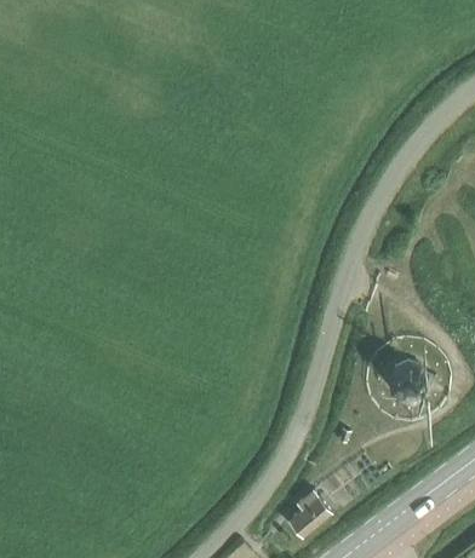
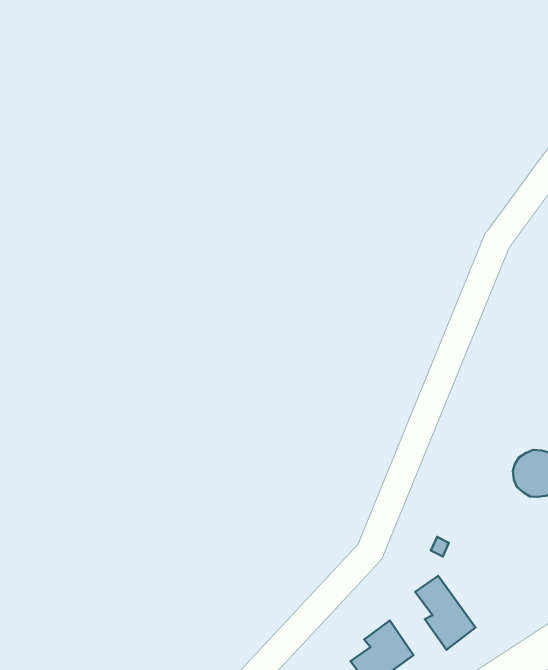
building: none -> [415,576,475,650]

